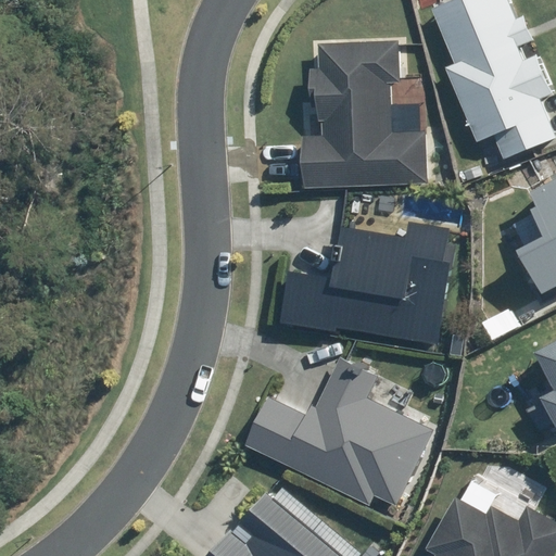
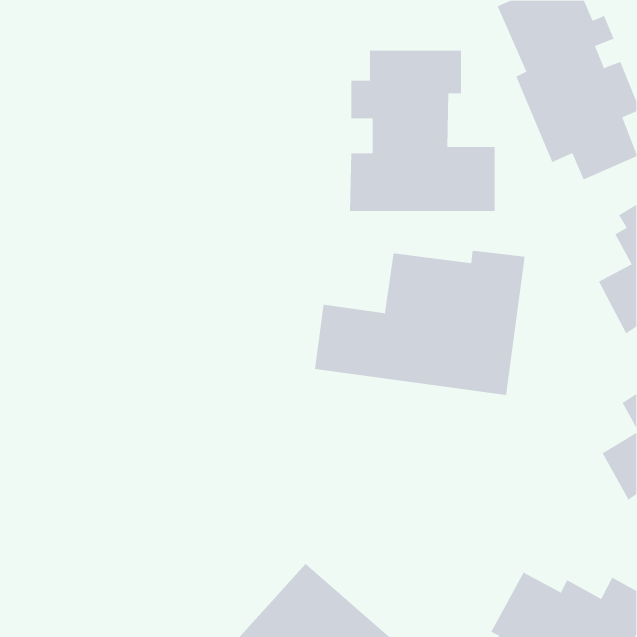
building: [238,345,435,505] -> none

